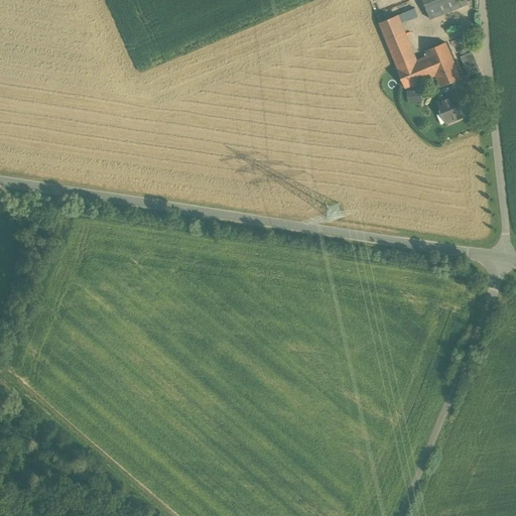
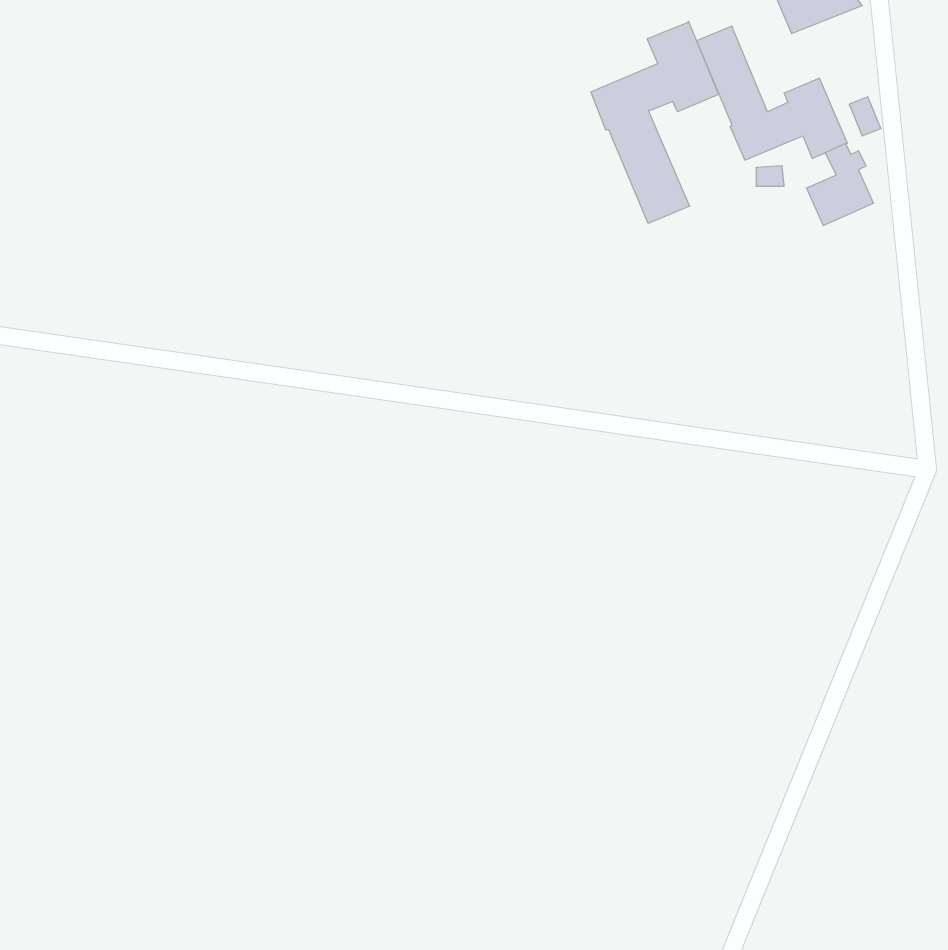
building: none -> [591,21,719,223]

